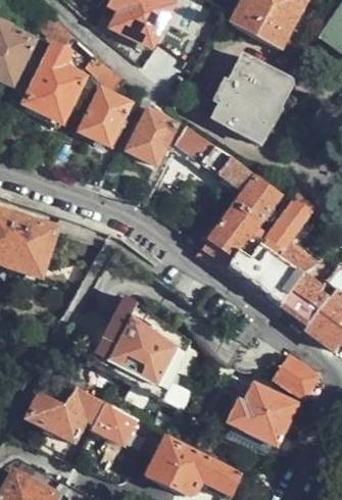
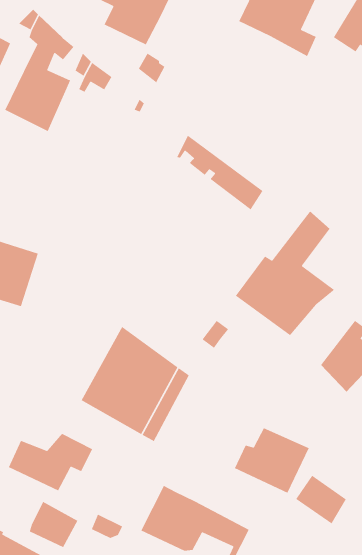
building: [212,58,283,140] -> none
building: [81,91,132,145] -> none
building: [128,111,175,162] -> none
building: [197,174,277,267] -> none
building: [278,276,335,332] -> none
building: [271,354,316,398] -> [295,475,347,524]
building: [91,403,135,445] -> [29,501,78,548]

